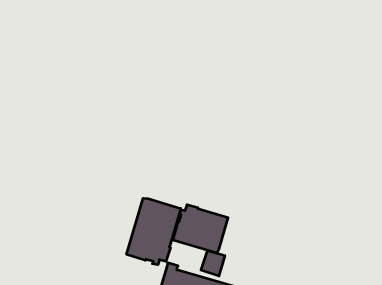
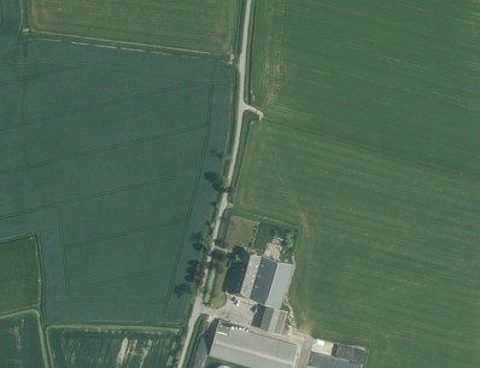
building: [127,198,181,265] -> none

